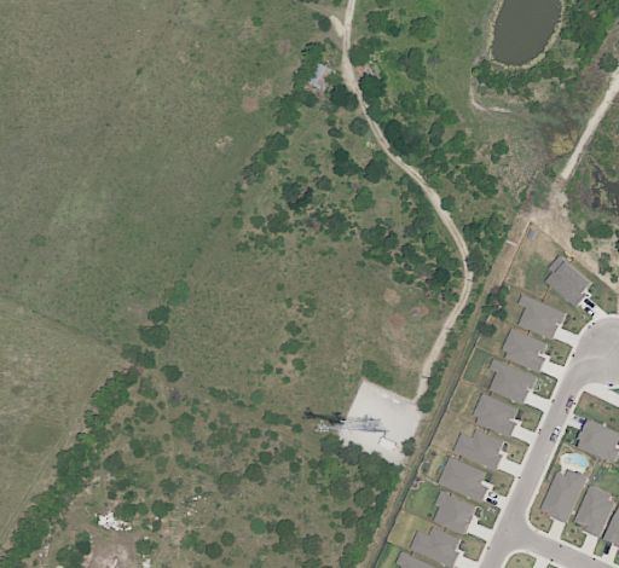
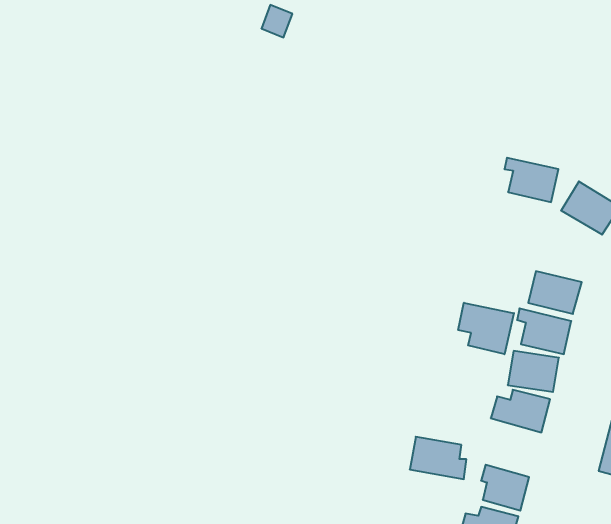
building: [517,295,565,340] -> [504,158,558,202]
building: none -> [458,303,514,354]
building: [438,457,488,500] -> [410,437,466,479]

